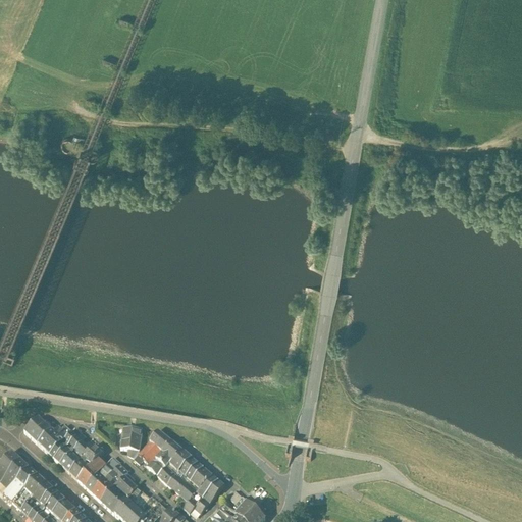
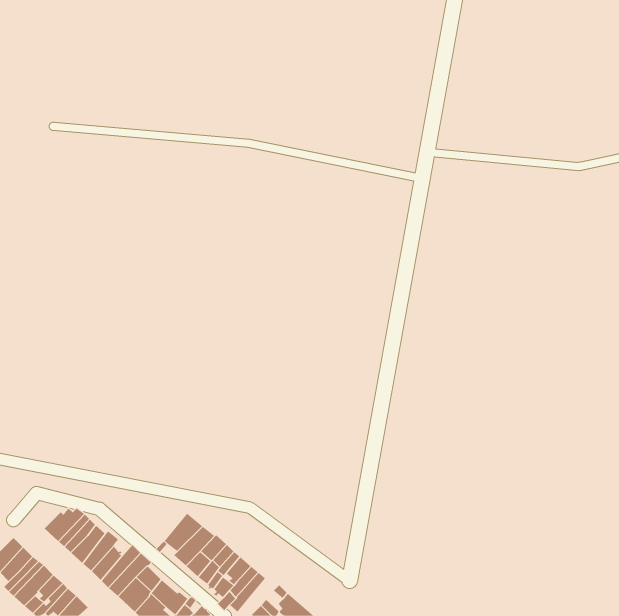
building: [23,416,51,443] -> none
building: [119,426,141,450] -> none

